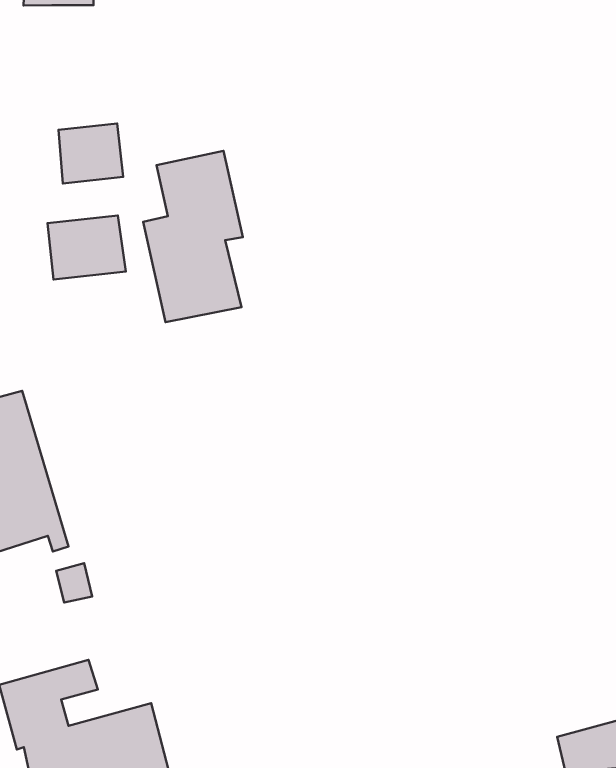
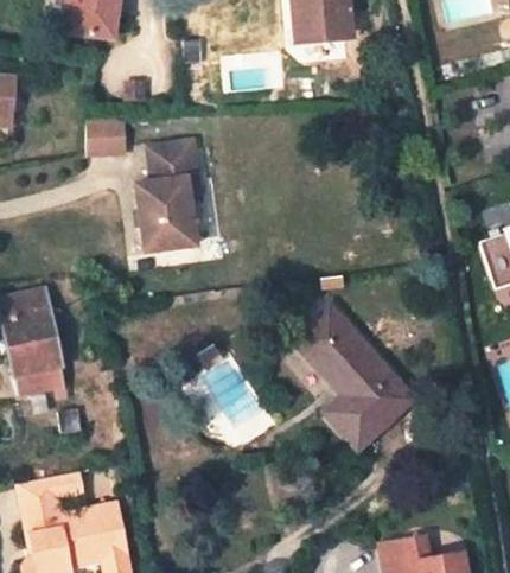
building: [47,215,126,280] -> none
building: none -> [293,306,414,448]

